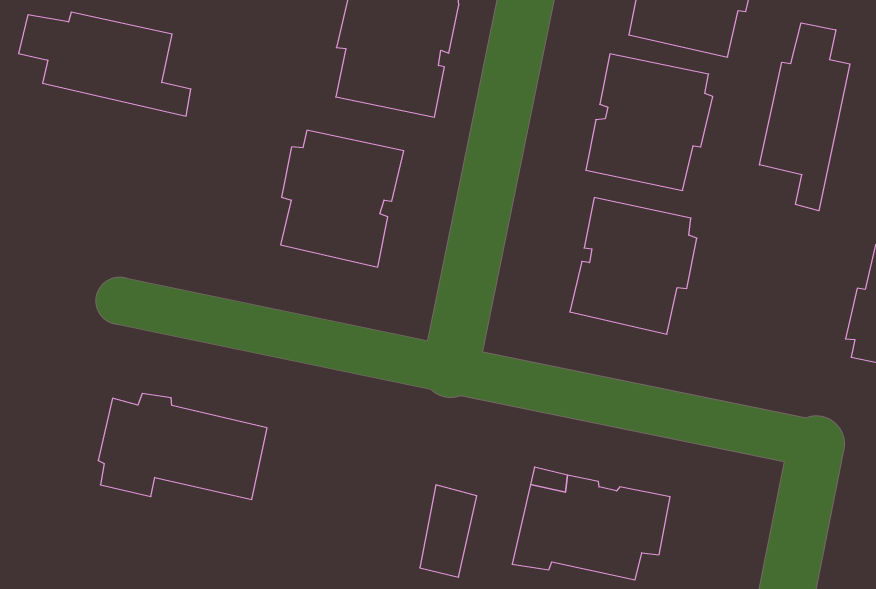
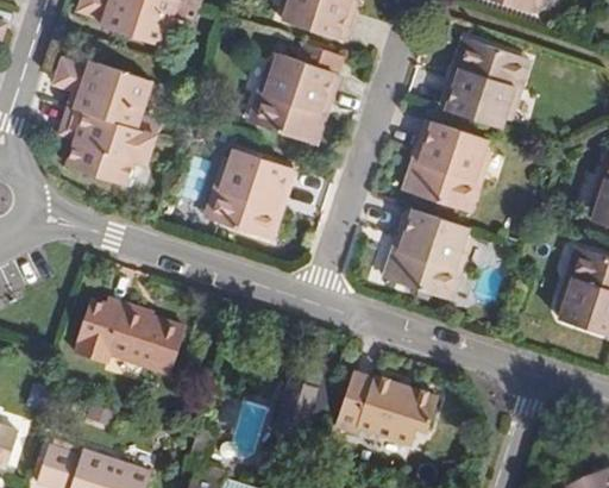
building: [759,23,850,211] -> none
building: none -> [61,99,158,179]

